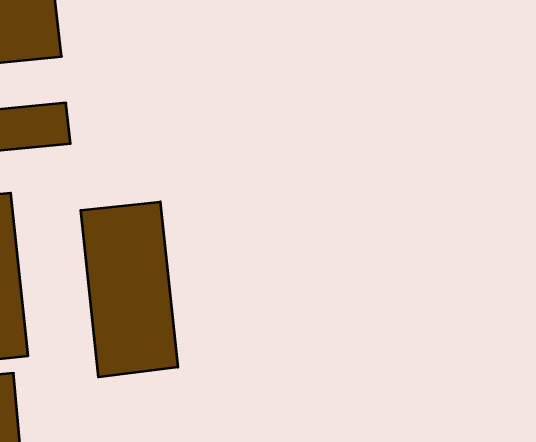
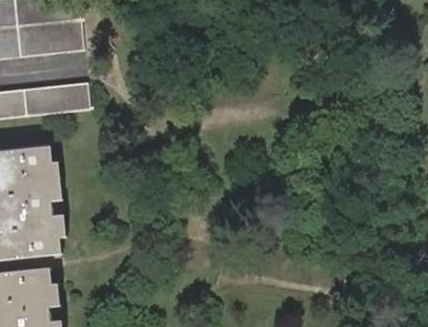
building: [81,202,178,377] -> none

